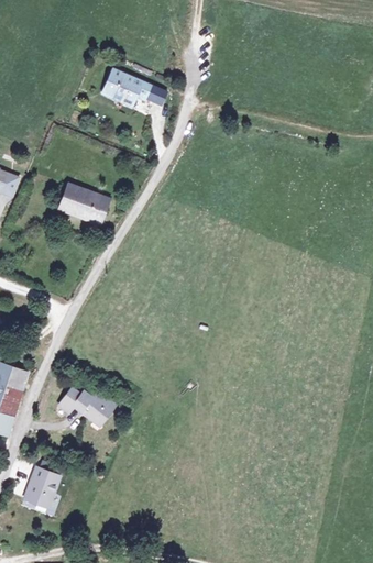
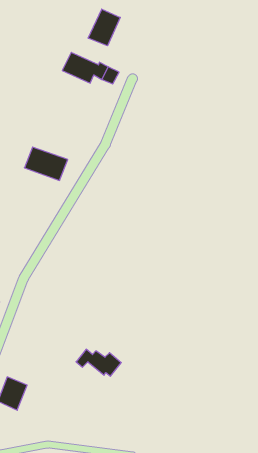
building: none -> [88,9,120,46]
building: [59,386,114,419] -> [76,349,121,376]

